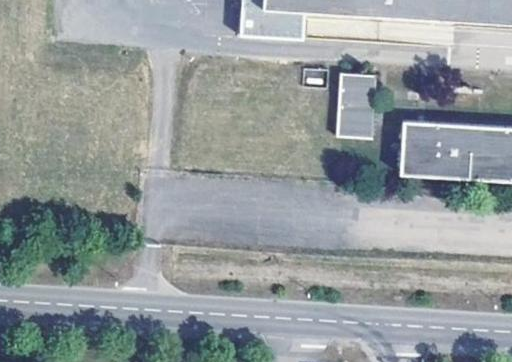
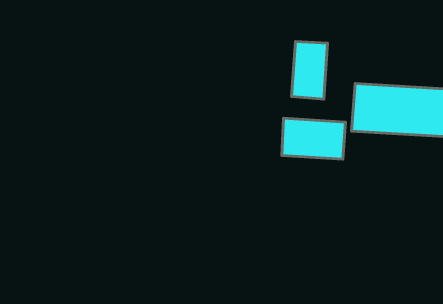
building: none -> [282,118,346,159]

